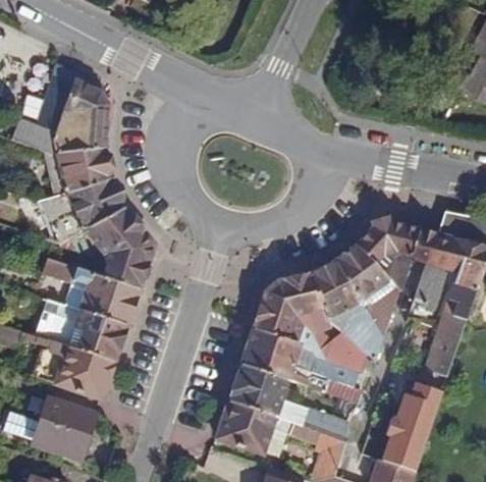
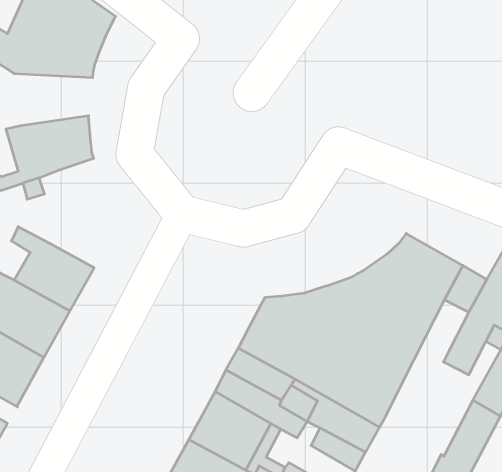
building: [49,147,116,196] -> none
building: [101,206,153,286] -> none

